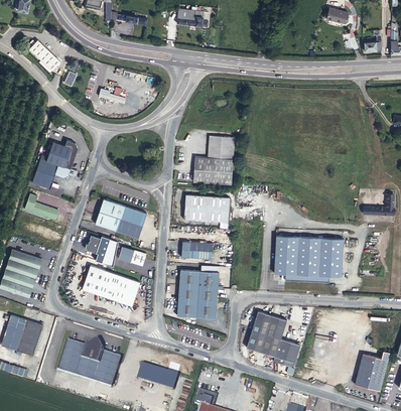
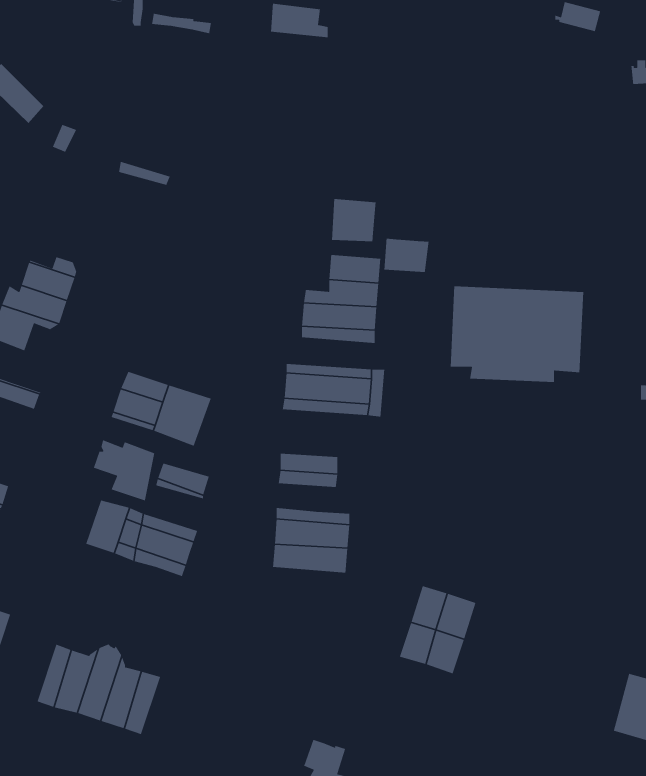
building: none -> [331,198,376,242]
building: none -> [384,238,429,273]
building: [274,232,344,282] -> [450,286,584,383]
building: [177,301,217,318] -> none
building: [271,338,298,369] -> none
building: [137,365,176,390] -> none

